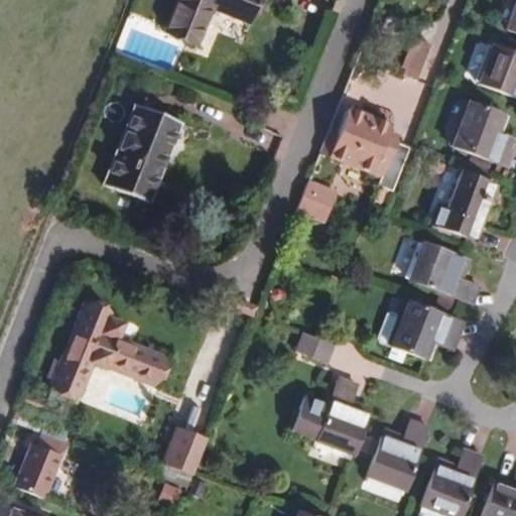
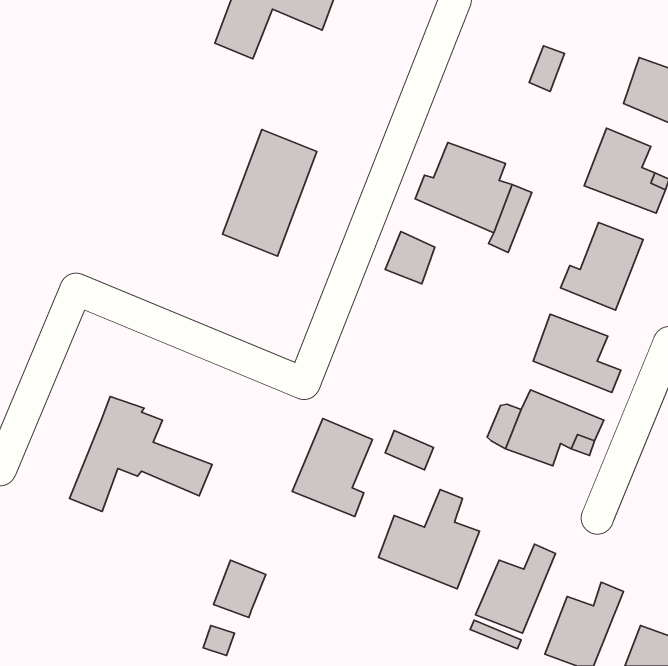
building: [109,103,181,201] -> [222,129,317,256]
building: none -> [292,418,373,516]
building: [14,431,61,499] -> none

